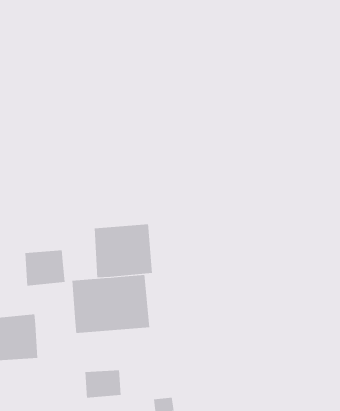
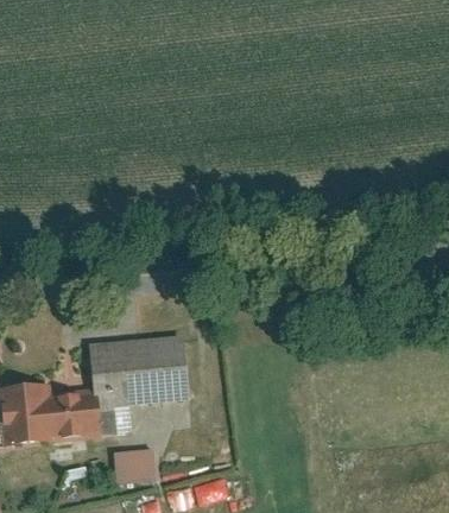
building: [94,223,153,278] -> none
building: [24,250,66,286] -> [50,393,100,437]

